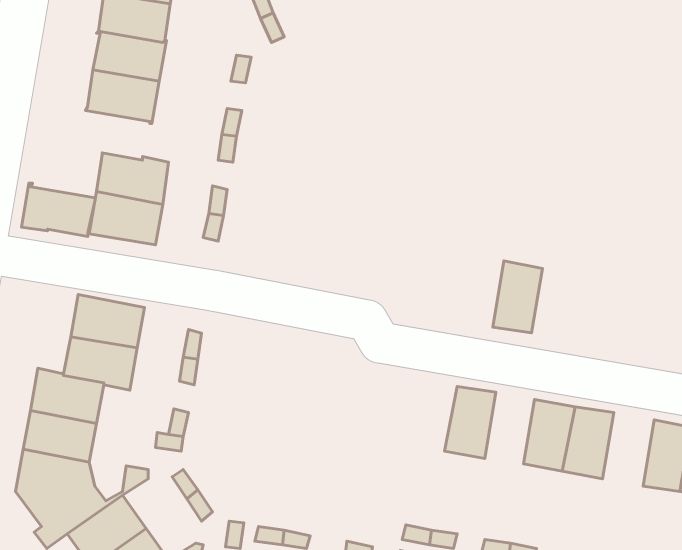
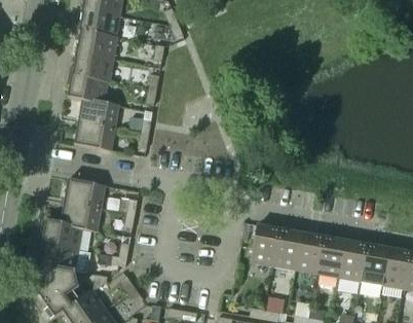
building: [22,183,95,236] -> [67,73,108,103]
building: [493,261,542,333] -> [295,232,323,273]
building: none -> [250,224,279,265]
building: none -> [361,244,389,285]

